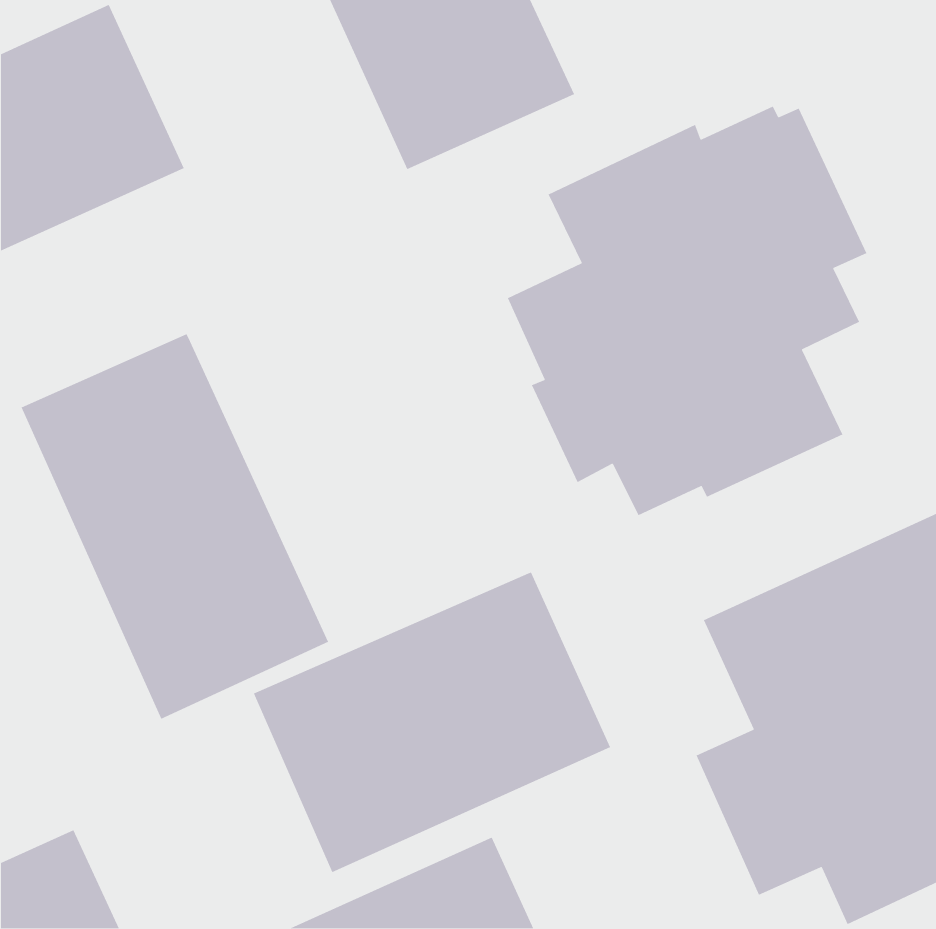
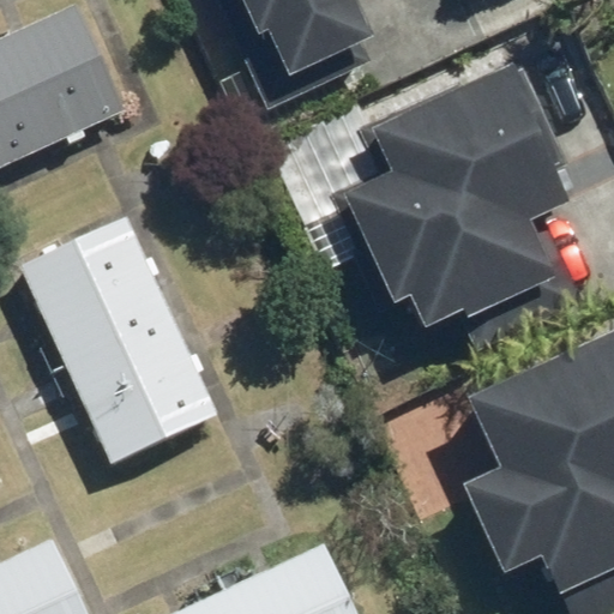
building: [253,572,611,873] -> none

